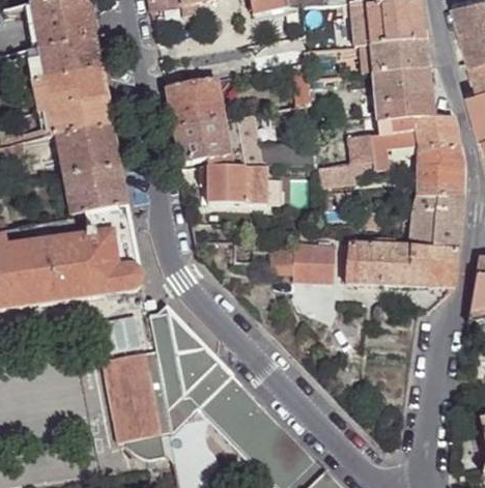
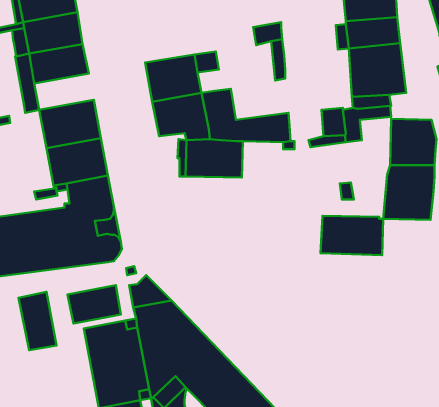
building: [51,97,112,135] -> none
building: [416,116,459,145] -> none
building: [269,241,333,281] -> none
building: [408,247,458,286] -> none
building: none -> [19,292,57,350]

